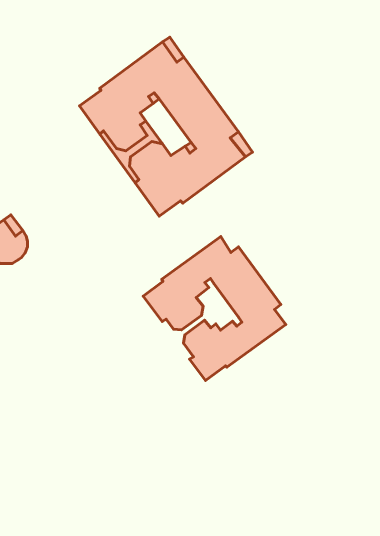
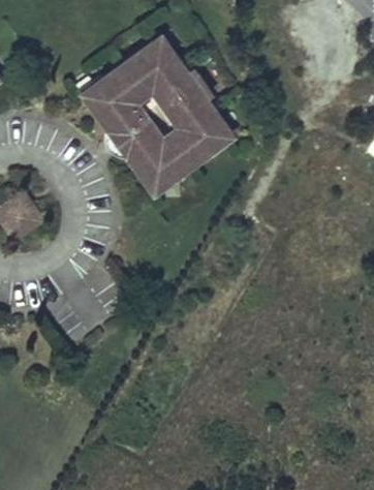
building: [143,236,286,381] -> none

